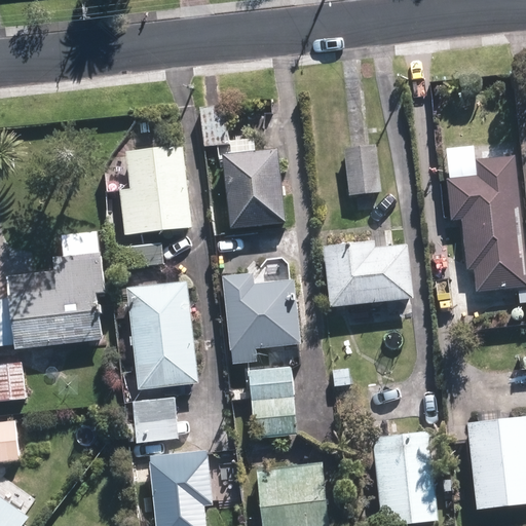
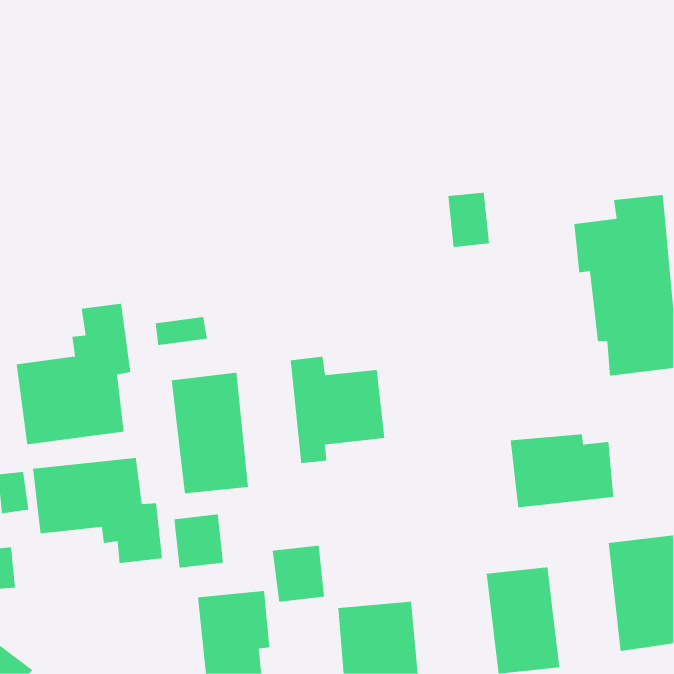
building: [119,152,188,234] -> none
building: [227,153,283,227] -> none
building: [329,246,410,303] -> [510,434,614,508]
building: none -> [33,457,163,564]
building: [251,370,292,414] -> [272,545,325,602]

